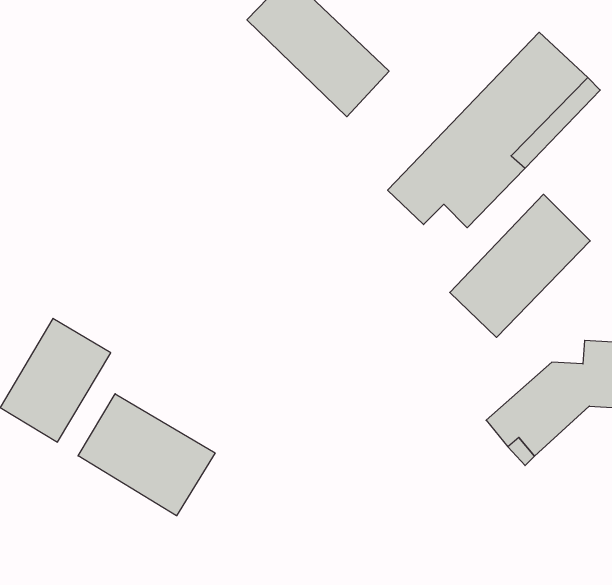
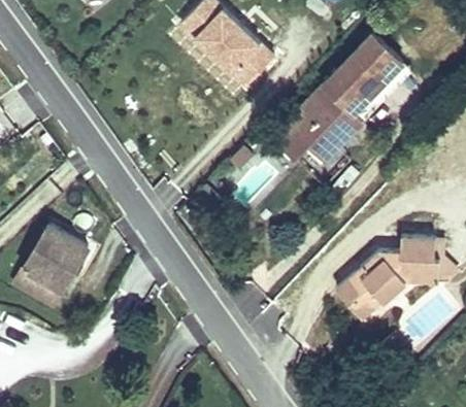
building: [450,194,590,337] -> none
building: [78,394,215,516] -> none

